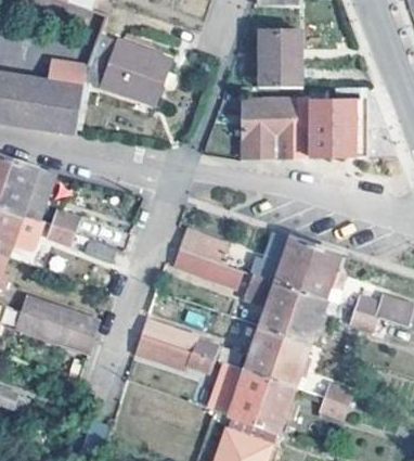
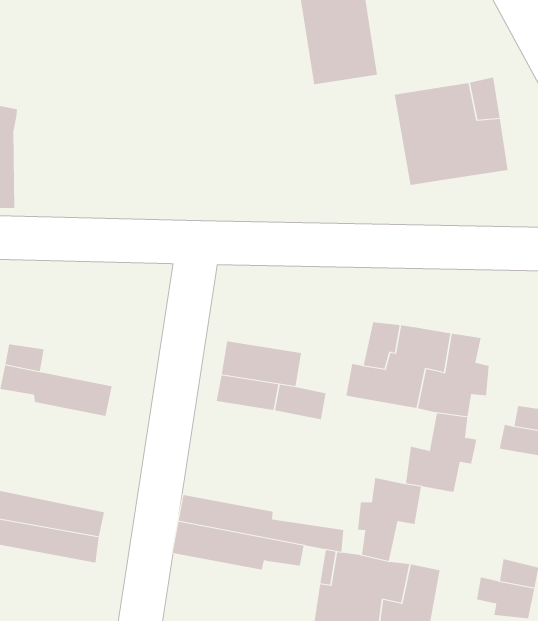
building: [83,35,172,104] -> none
building: [244,101,309,156] -> none
building: [244,274,303,332] -> none
building: [262,335,310,386] -> none

